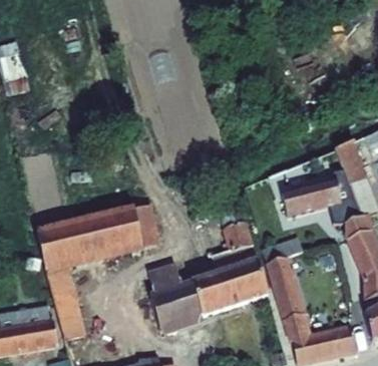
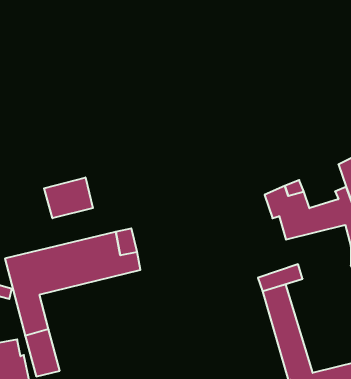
building: none -> [44,177,93,218]
building: [148,206,268,332] -> none

